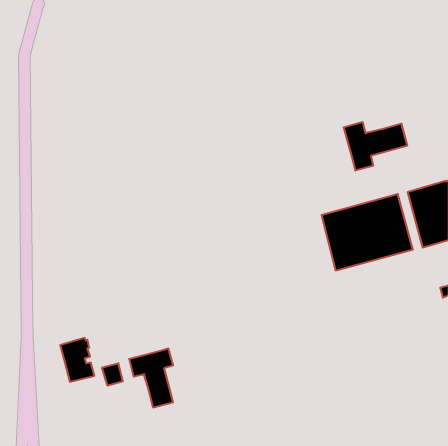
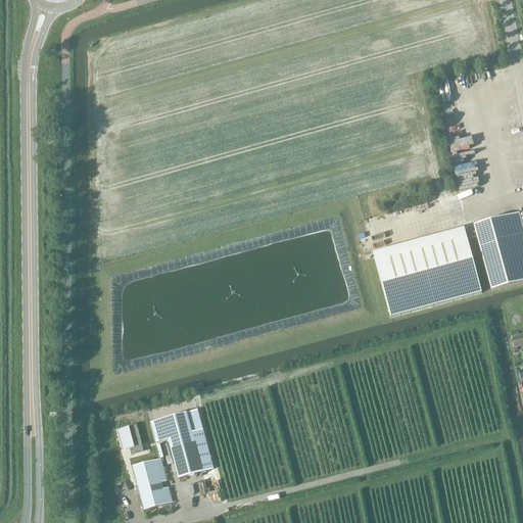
building: [344,122,407,171] -> none
building: [60,338,94,382] -> [134,457,174,508]

